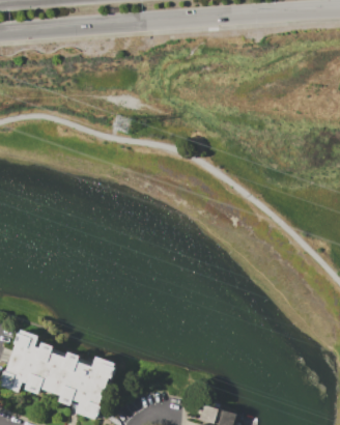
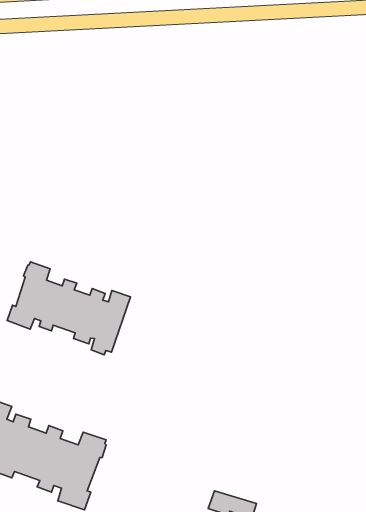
building: none -> [7,262,131,355]

